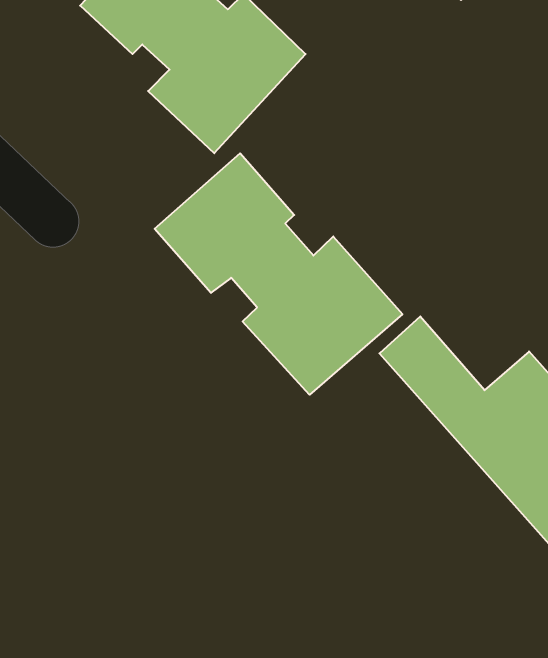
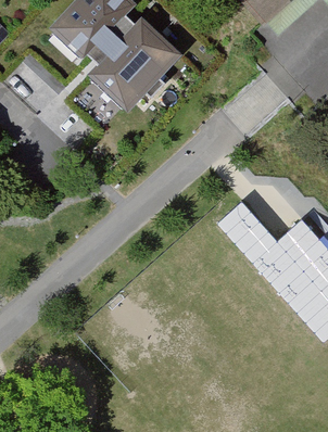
building: [155,153,402,395] -> none

